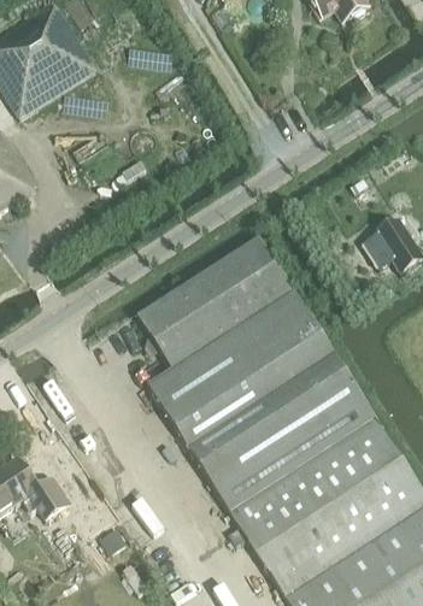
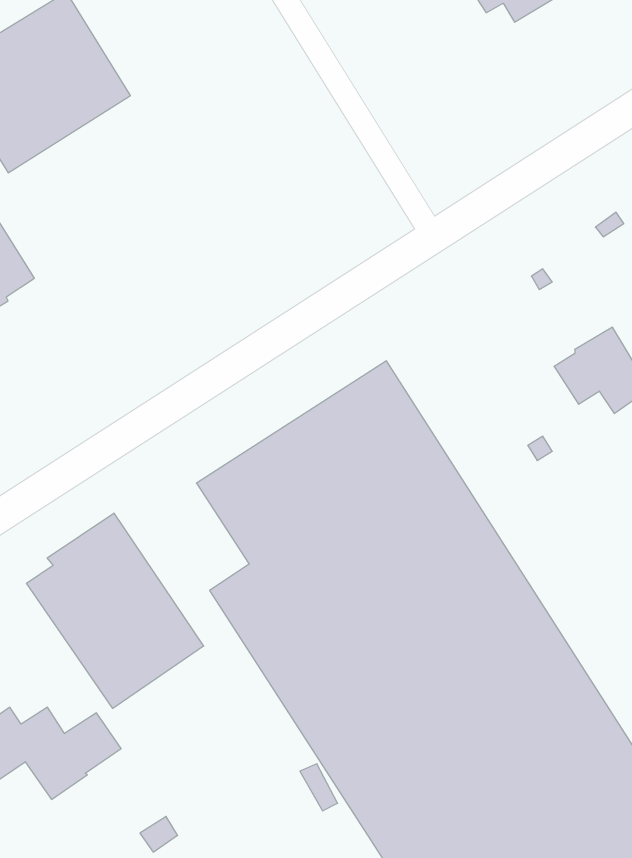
building: none -> [26,513,204,708]

